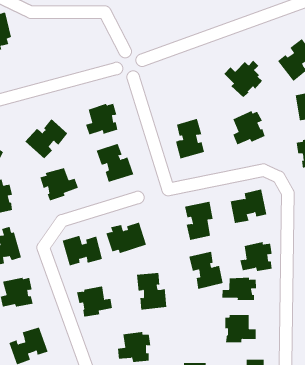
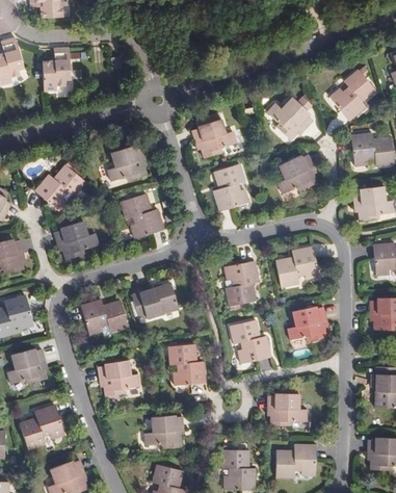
building: none -> [42,47,69,89]
building: none -> [191,116,237,158]
building: [222,277,256,301] -> none

